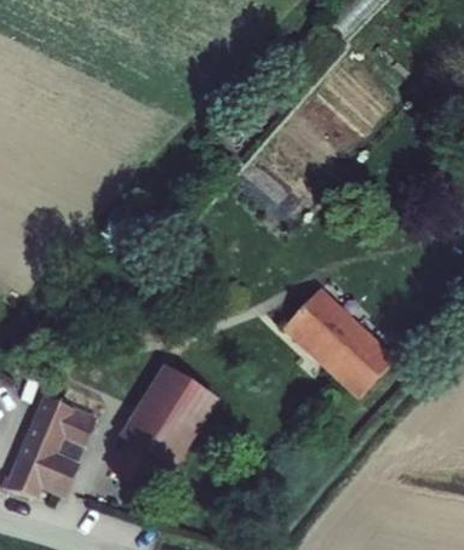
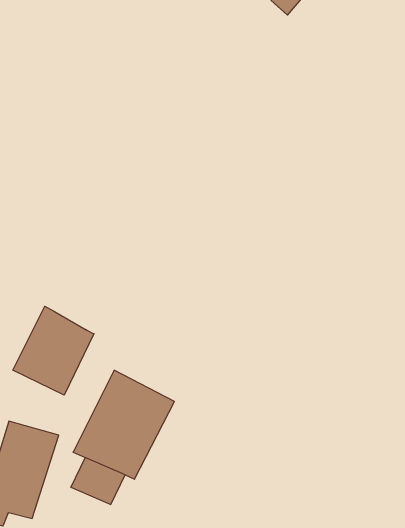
building: none -> [13,306,94,395]
building: [296,298,408,407] -> none

